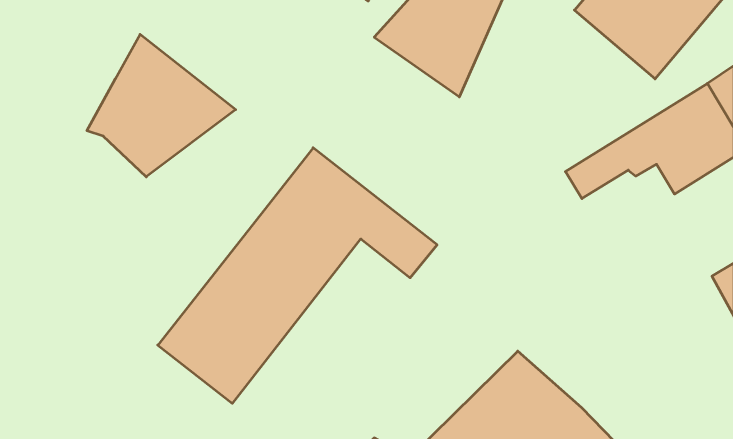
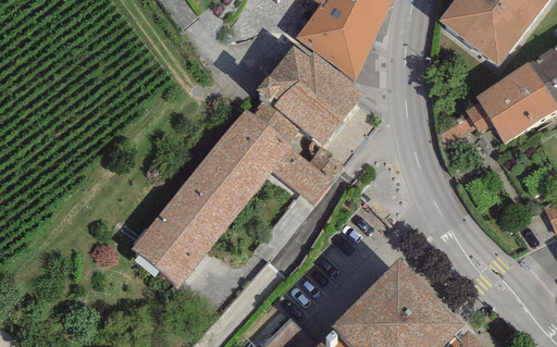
building: [87,34,236,177] -> none
building: none -> [255,46,362,144]

